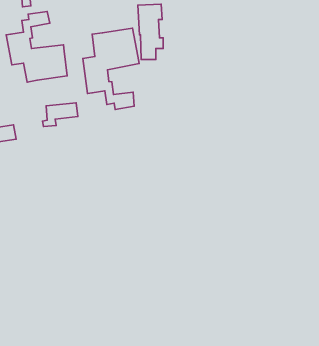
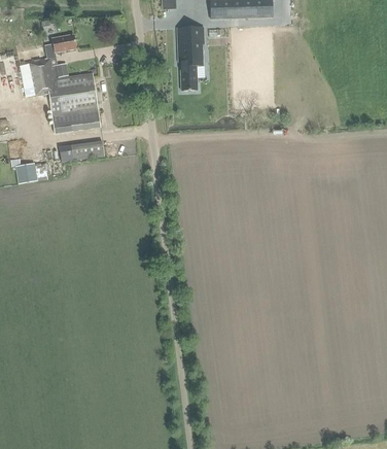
building: [83,28,139,109] -> none
building: none -> [68,108,99,129]

